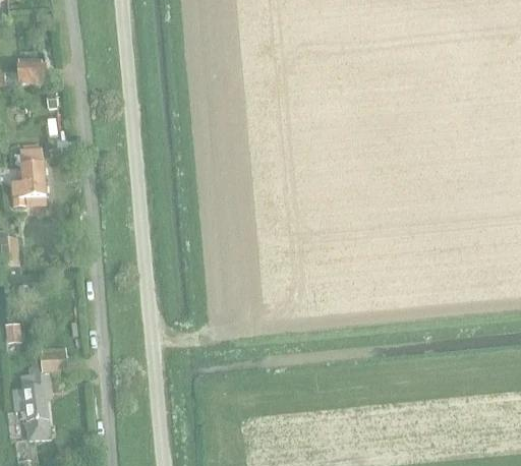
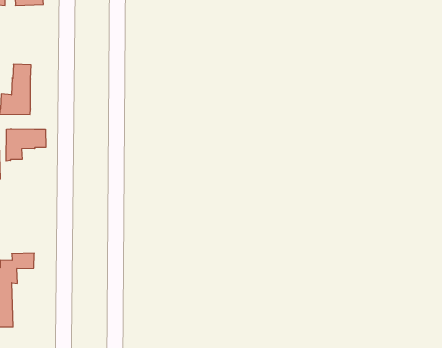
building: none -> [6,129,46,161]

